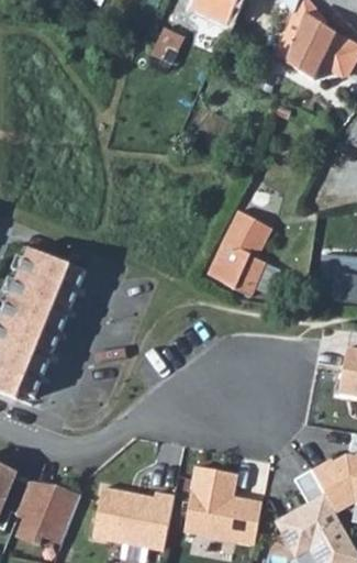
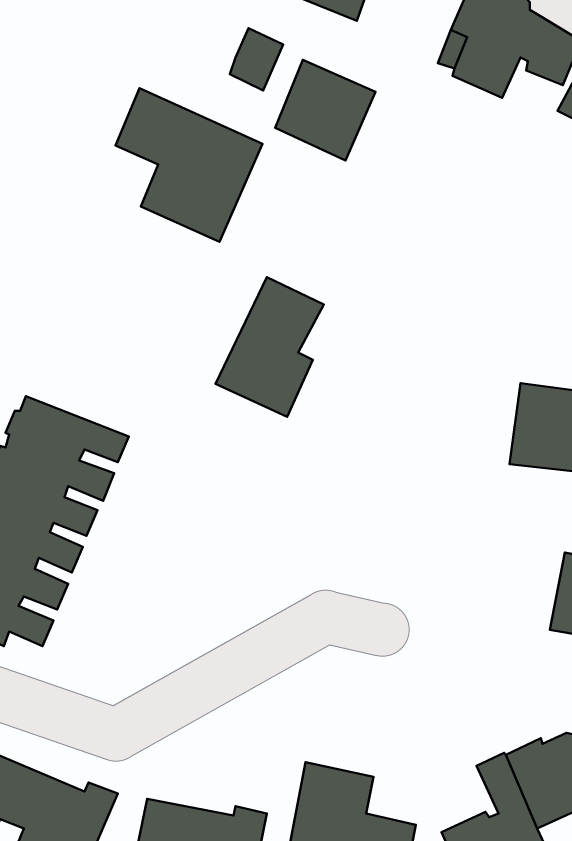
building: none -> [275,60,375,160]
building: none -> [116,88,263,242]
building: [203,222,268,306] -> [215,277,324,417]

